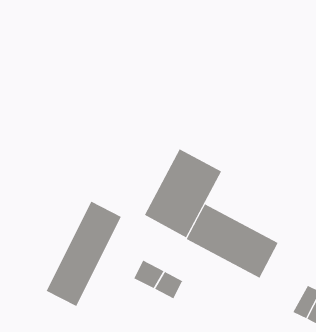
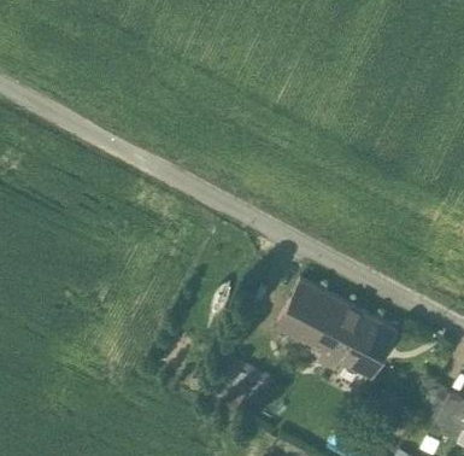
building: [144,149,222,238] -> none
building: [46,201,121,307] -> none

